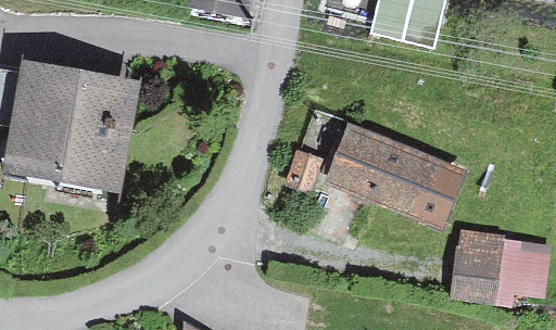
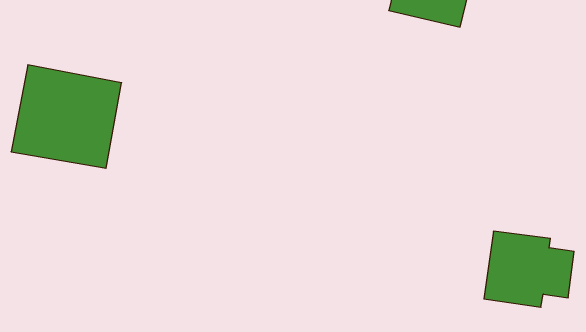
building: [332,130,457,214] -> none

